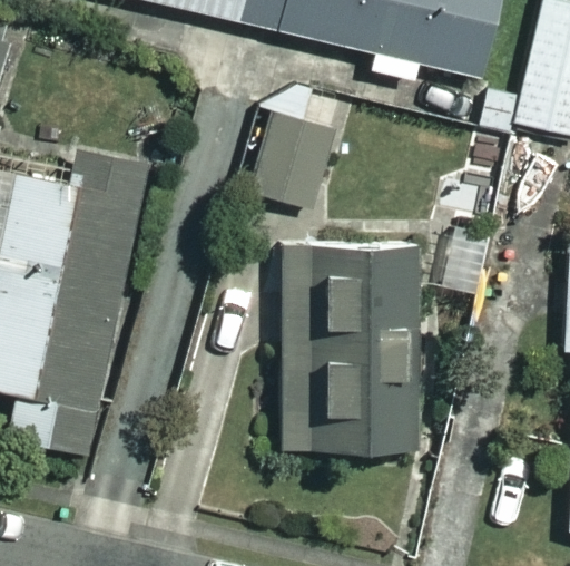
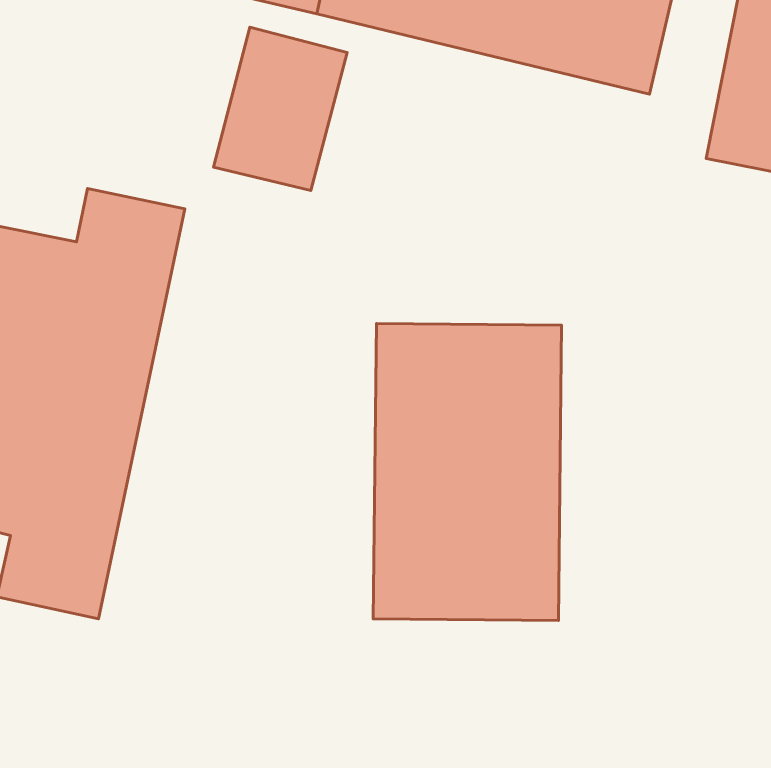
building: [247,92,342,208] -> [214,27,347,191]

